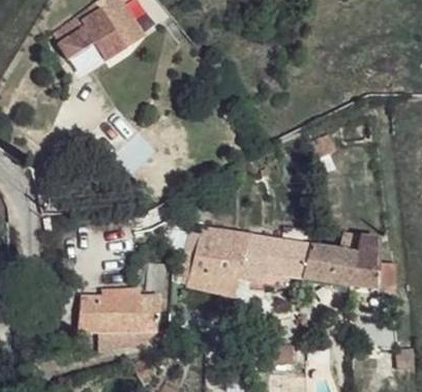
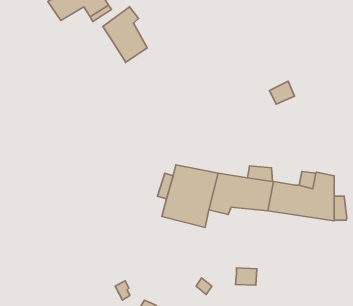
building: none -> [103,7,147,62]
building: [79,263,168,332] -> none

